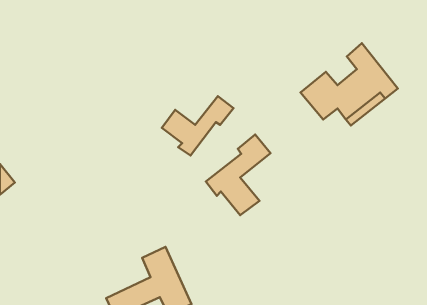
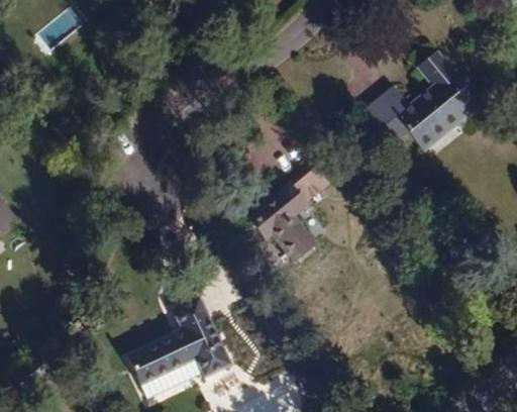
building: [162,96,233,156] -> none

